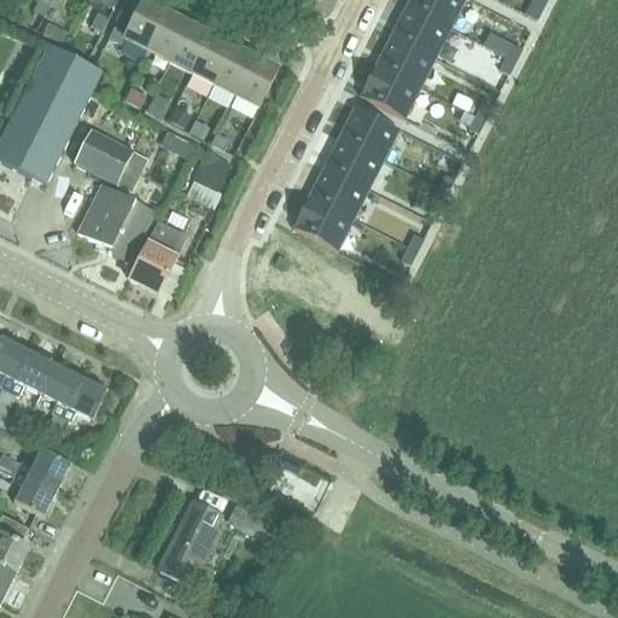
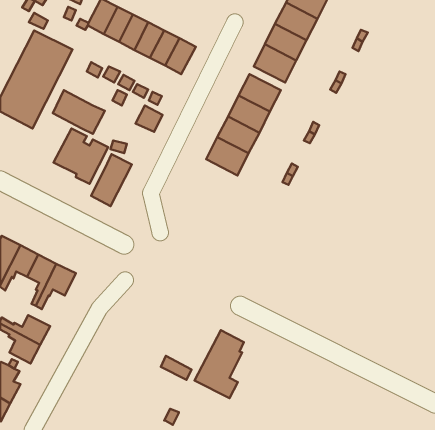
building: [157,496,227,593] -> [195,330,244,398]

